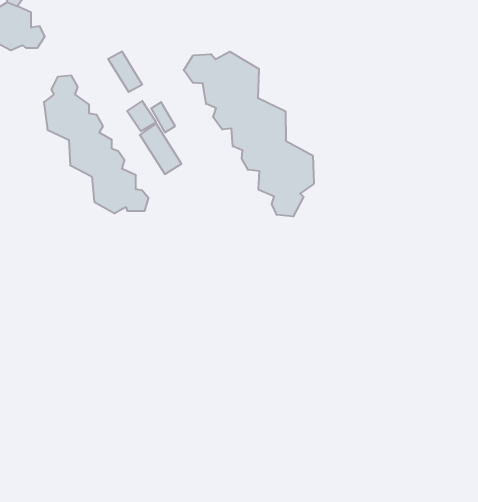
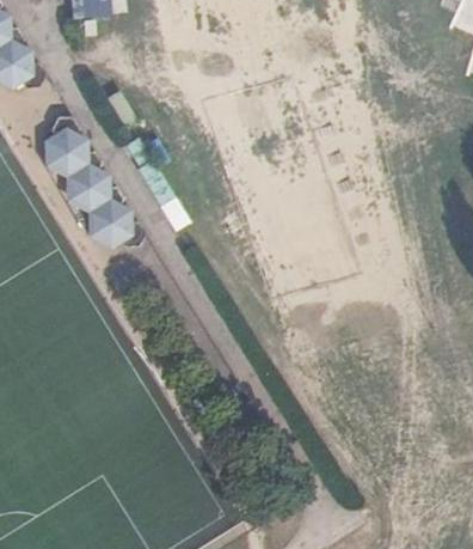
building: [184,52,314,217] -> none

